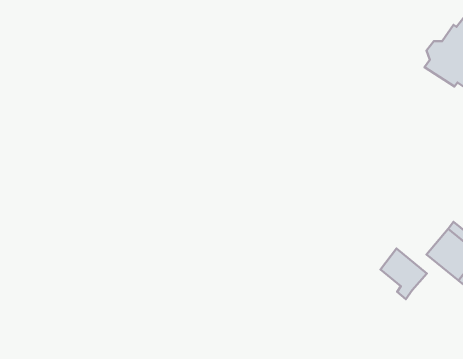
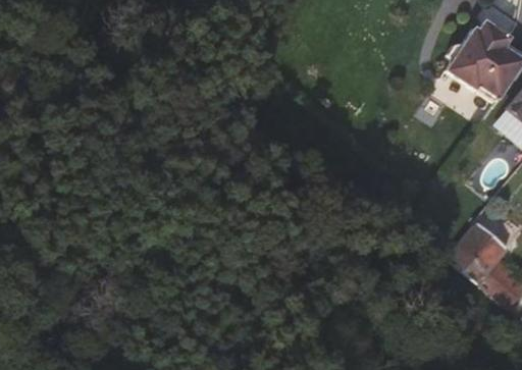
building: [380,249,427,299] -> none

